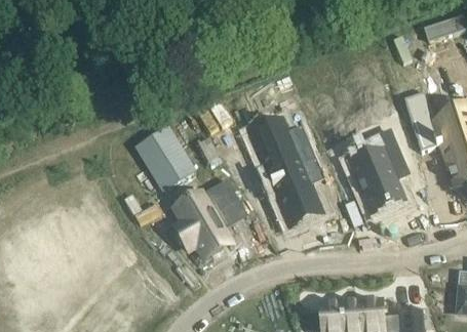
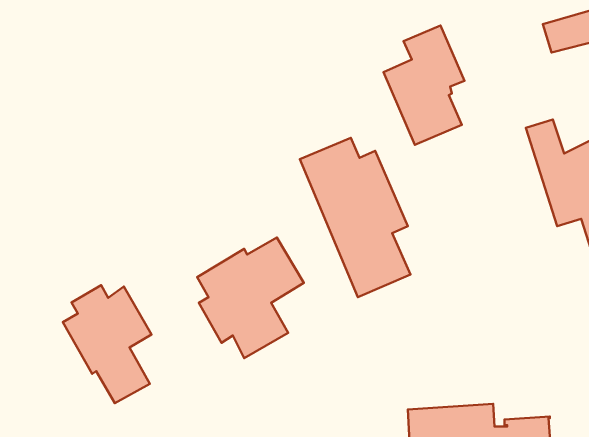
building: [137,126,193,188] -> none
building: [349,128,407,214] -> [383,25,465,145]
building: none -> [63,285,152,403]

